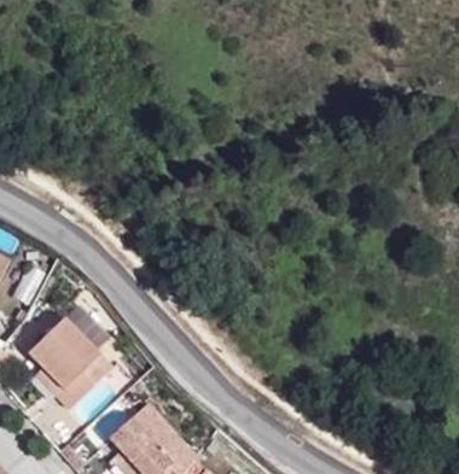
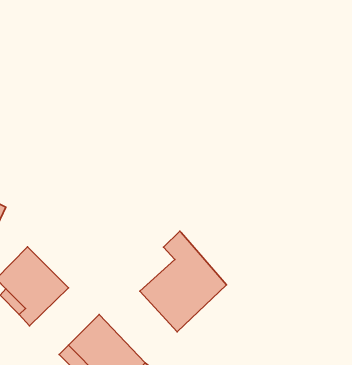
building: none -> [140,231,226,332]

